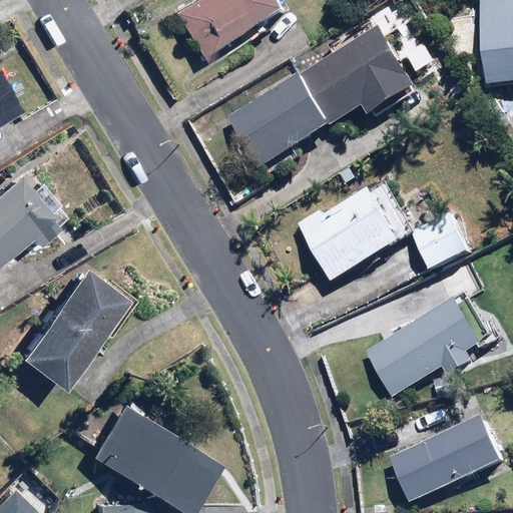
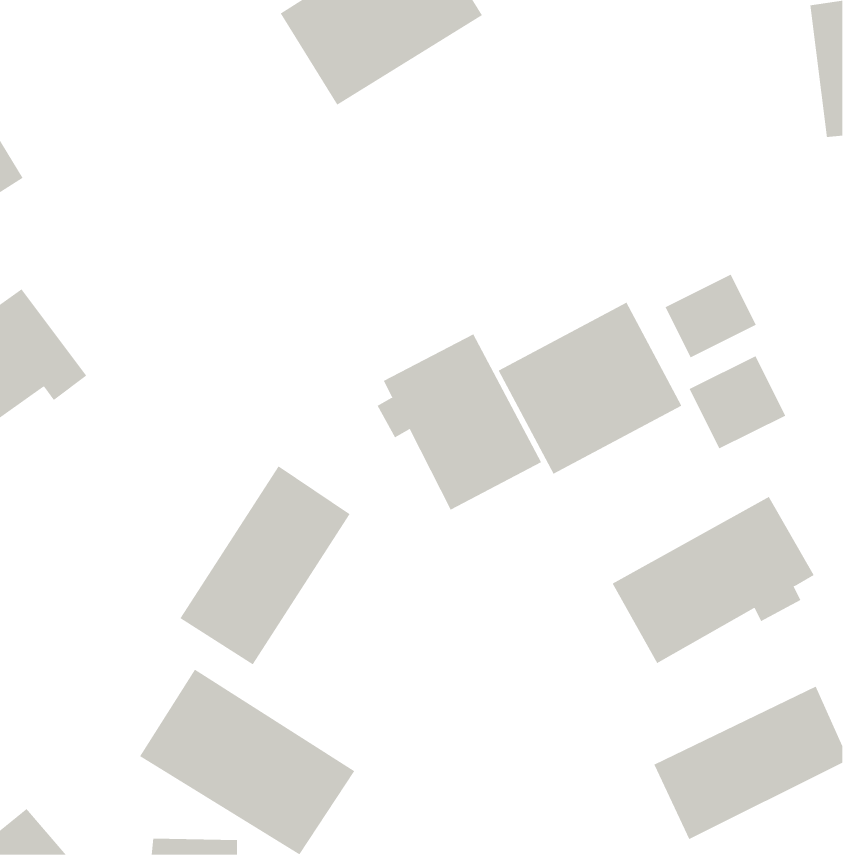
building: [231,26,419,162] -> none
building: none -> [665,274,757,358]
building: none -> [377,334,542,510]
building: [17,266,119,385] -> [179,466,350,665]

